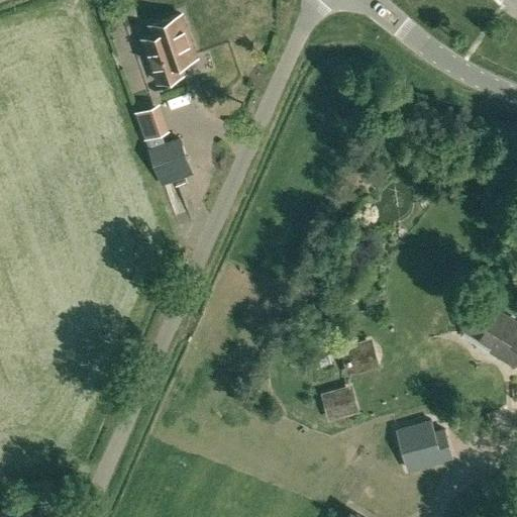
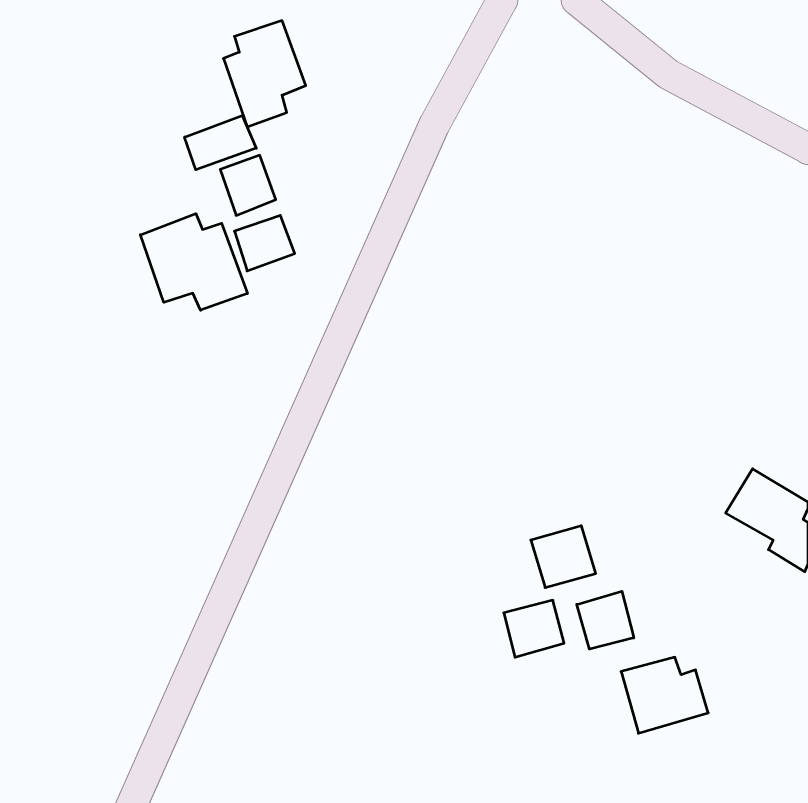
building: none -> [185,116,256,170]
building: none -> [140,214,247,310]
building: none -> [577,591,634,649]

